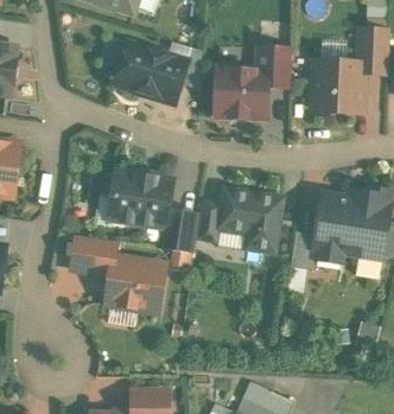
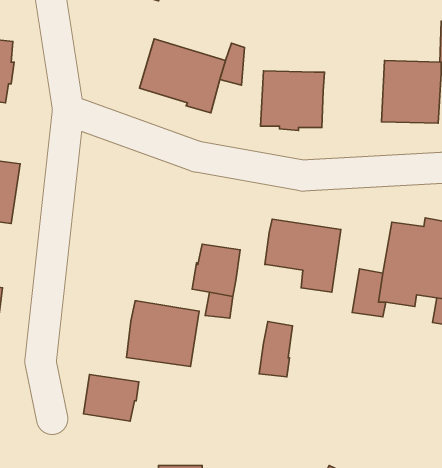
building: [259,46,292,87] -> none
building: [109,171,171,227] -> none
building: [195,197,222,242] -> [259,321,293,377]
building: [71,235,116,273] -> [84,375,139,421]

